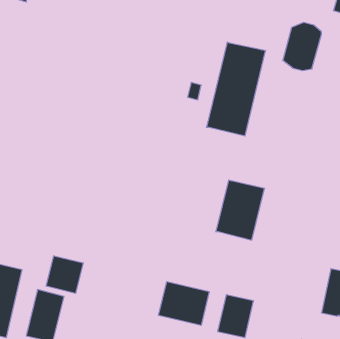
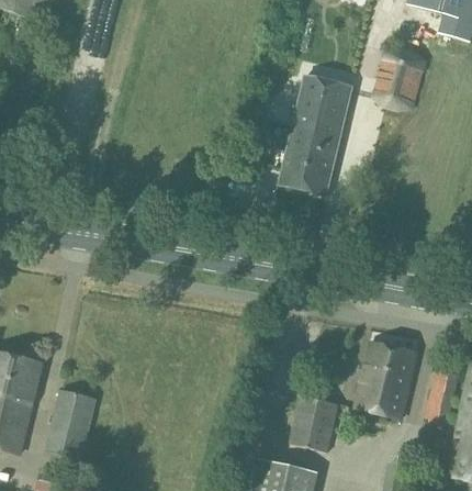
building: [216,180,265,240] -> [355,339,417,416]
building: [46,256,83,293] -> none
building: [158,282,209,325] -> none

